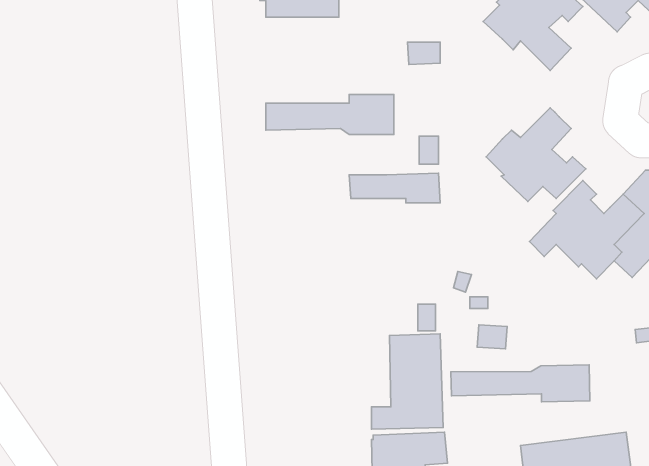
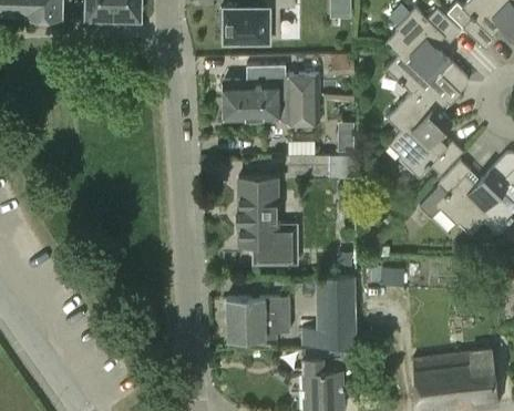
building: none -> [387,55,467,130]
building: none -> [224,68,319,103]
building: none -> [238,182,296,261]
building: none -> [227,297,289,339]
building: [451,365,590,402] -> none

